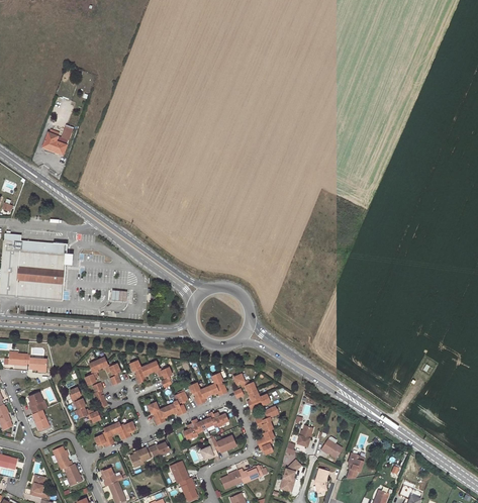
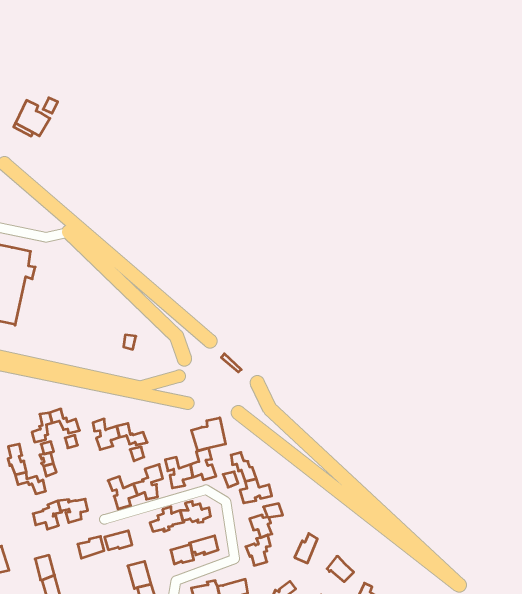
building: none -> [191,418,226,451]

